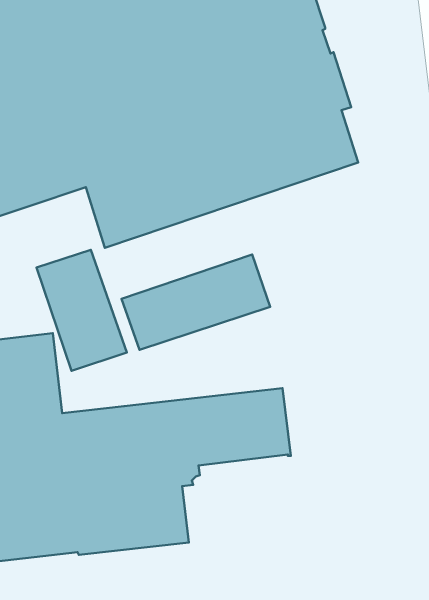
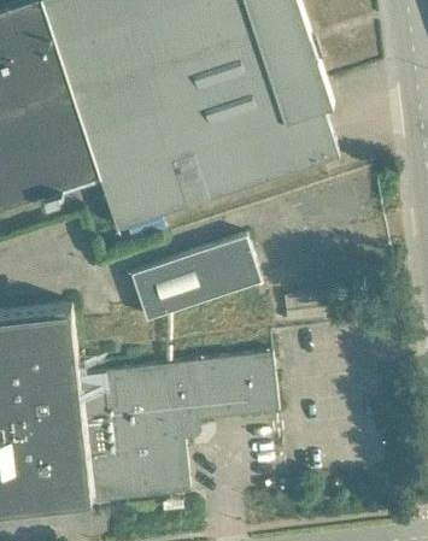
building: [37,250,127,371] -> none

